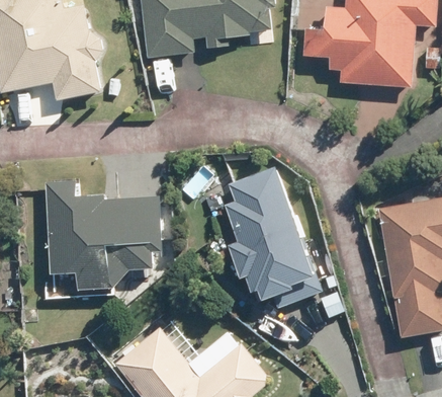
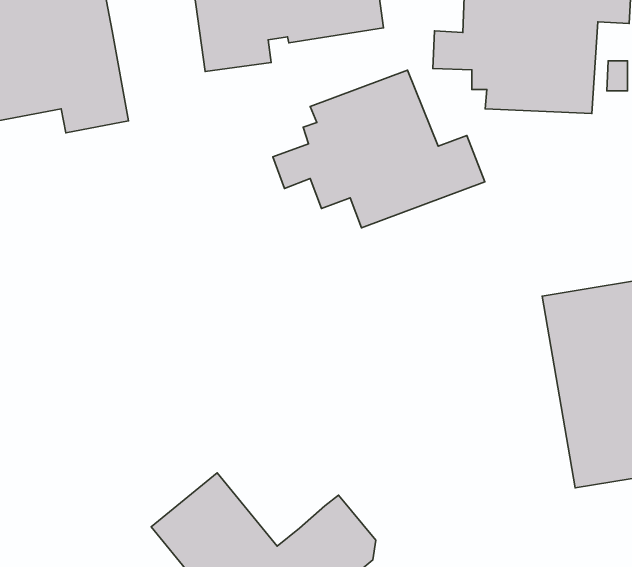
building: none -> [273,70,485,228]
building: [225,165,322,306] -> none
building: [45,180,160,289] -> none

